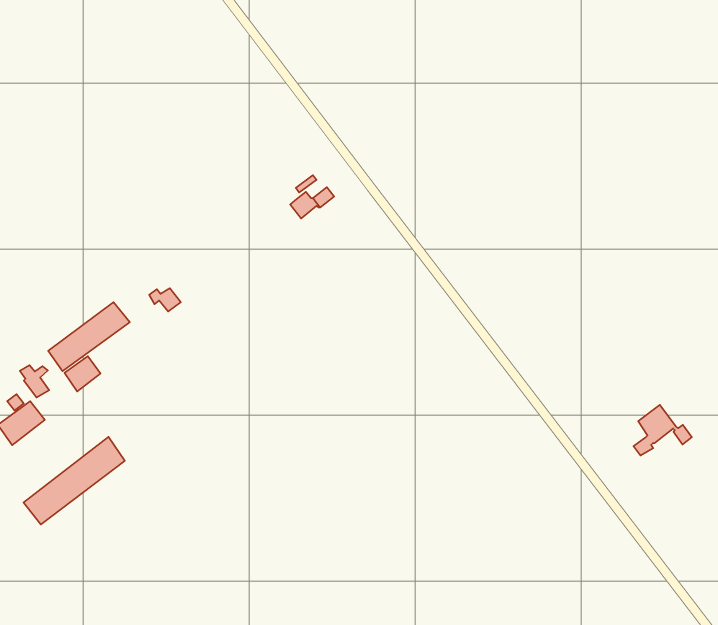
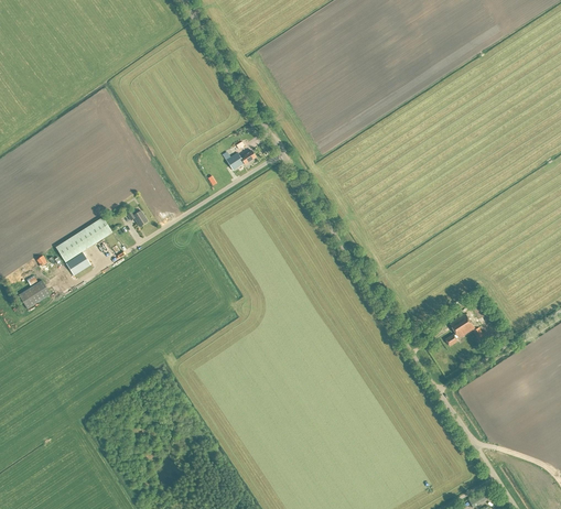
building: [24,437,125,524] -> none

